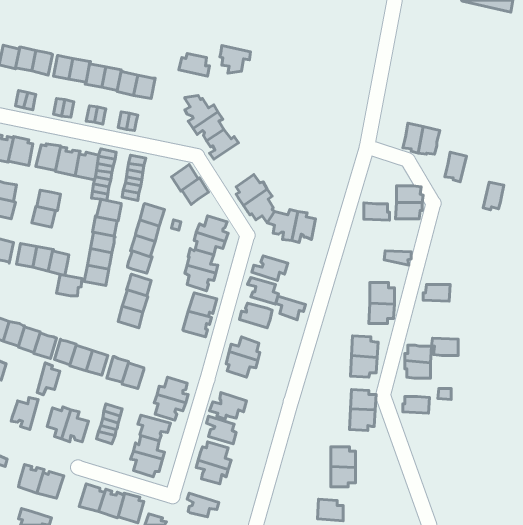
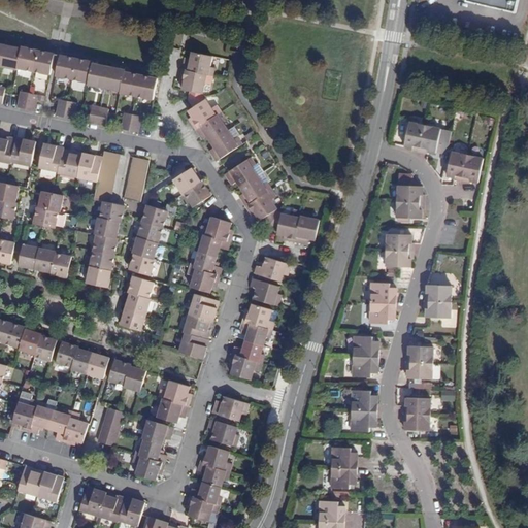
building: [220,46,251,73] -> [177,70,208,98]
building: none -> [224,158,255,188]
building: [483,182,504,210] -> [462,157,483,185]
building: [364,203,390,220] -> [387,235,412,253]
building: [57,274,82,296] -> none
building: [276,296,305,320] -> [238,321,268,344]
building: none -> [179,332,208,358]
building: [432,338,458,355] -> [424,301,451,319]
building: [37,363,60,395] -> [30,401,53,433]
building: none -> [403,414,430,431]
building: none -> [190,481,222,504]

